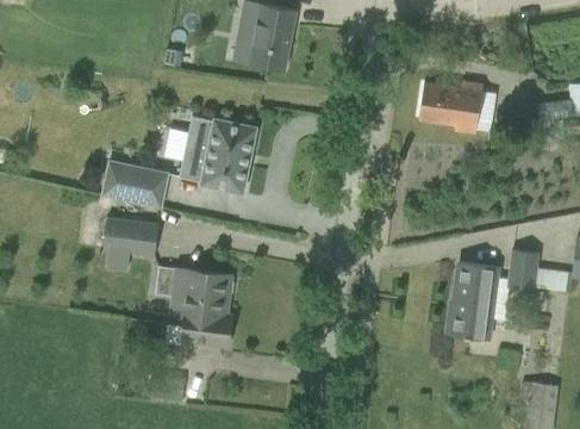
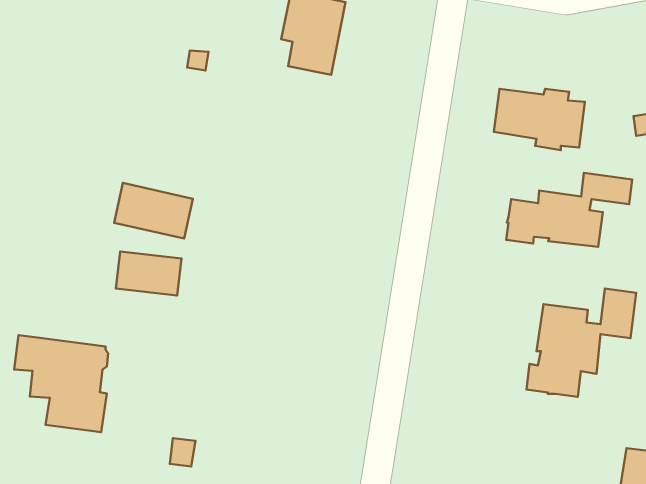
building: [179,117,256,193] -> none
building: none -> [506,173,632,247]
building: [155,266,233,347] -> [14,335,108,432]

